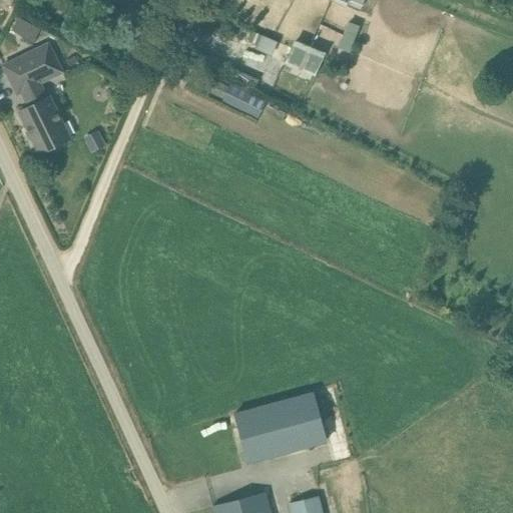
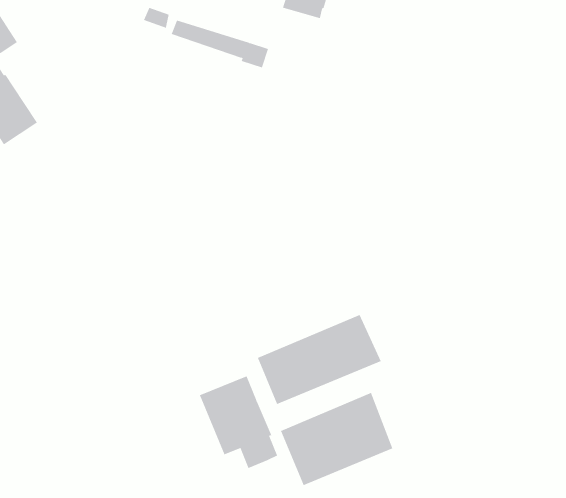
building: none -> [257,314,382,405]
building: none -> [199,375,278,469]

